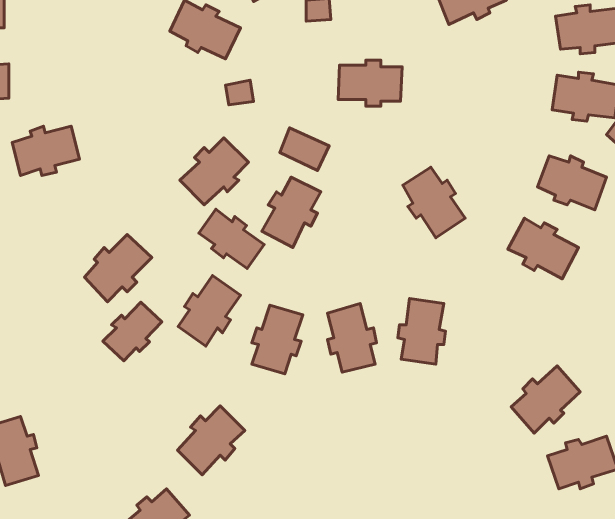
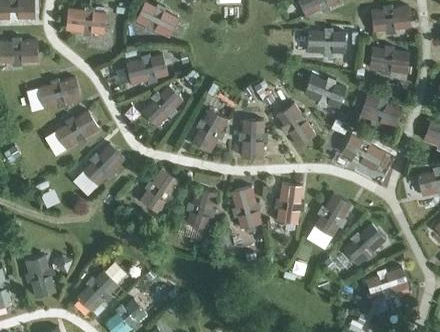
building: none -> [65,6,105,36]
building: [338,60,402,106] -> [306,28,345,56]
building: none -> [125,54,167,84]
building: none -> [303,75,346,108]
building: none -> [56,111,99,148]
building: none -> [238,119,267,158]
building: [199,209,264,269] -> none
building: [103,302,162,361] -> none
building: none -> [314,193,351,236]
building: [178,406,245,475] -> [77,270,118,312]

